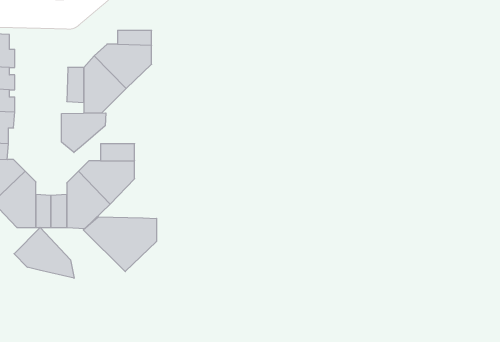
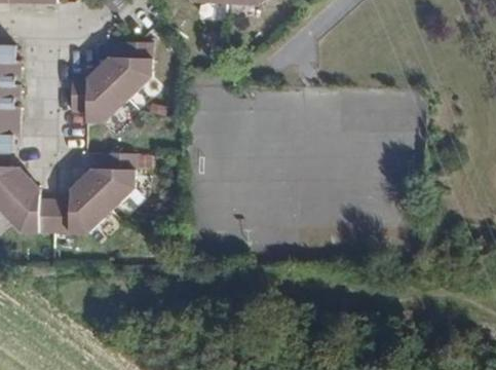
building: [62,113,106,153] -> none
building: [83,217,157,272] -> none
building: [14,227,74,278] -> none

